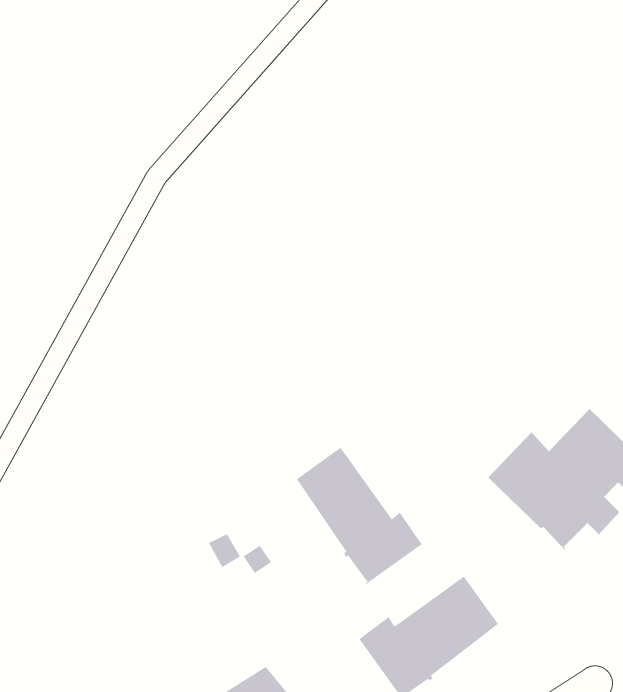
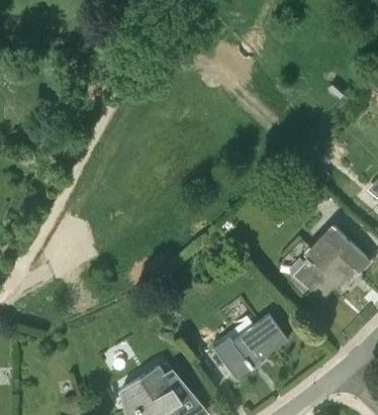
building: [296,447,422,585] -> none

